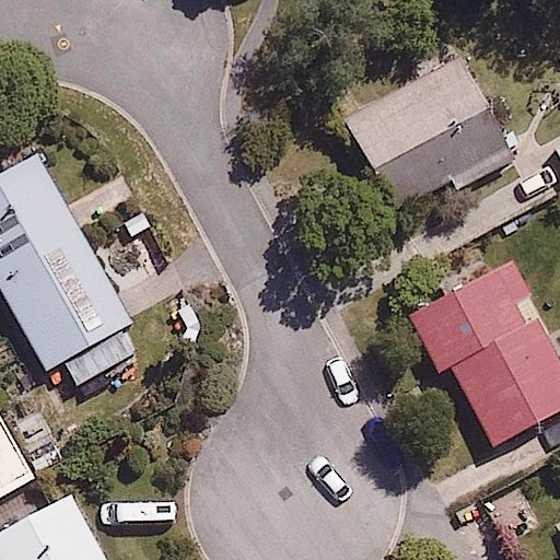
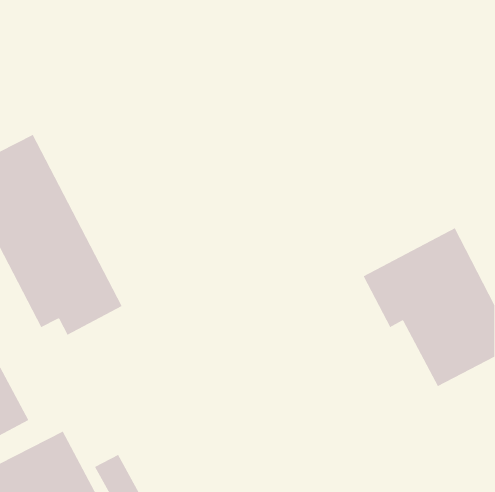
building: [348,54,520,217] -> none

